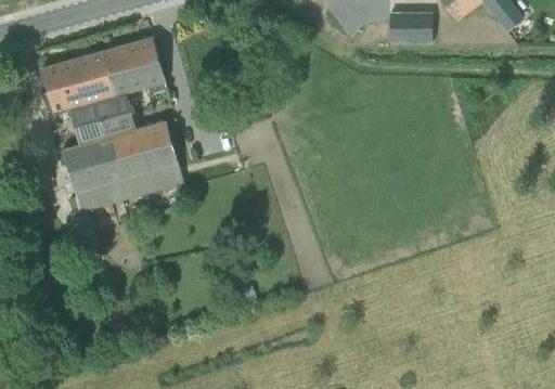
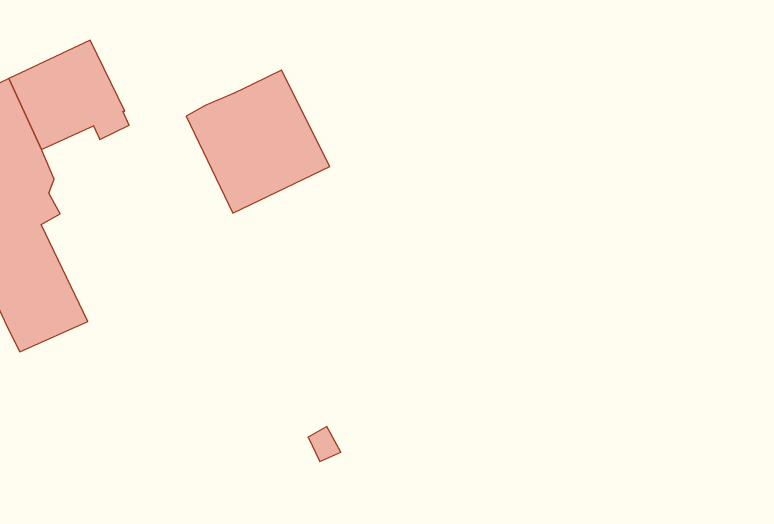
building: [106,124,184,202] -> [186,70,330,213]

